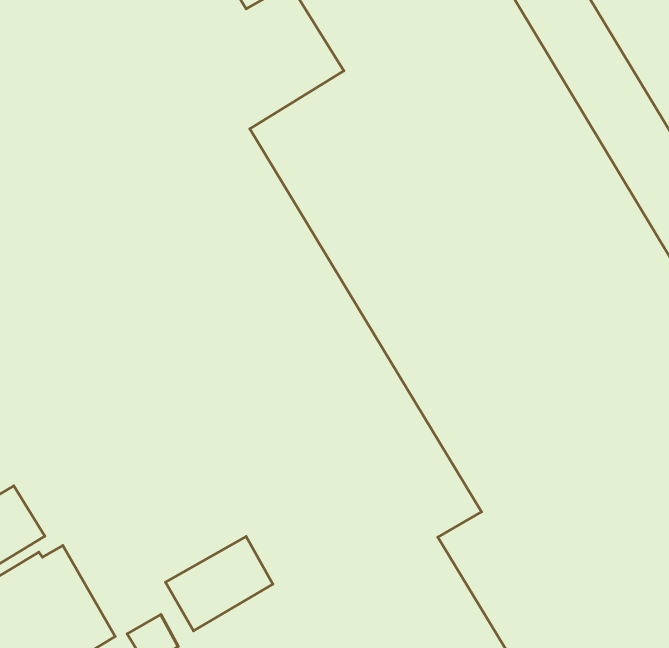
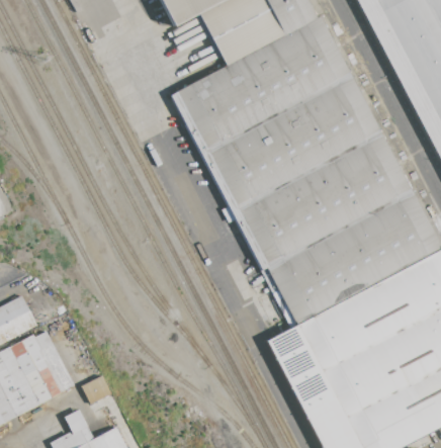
building: [166,536,273,631] -> none

